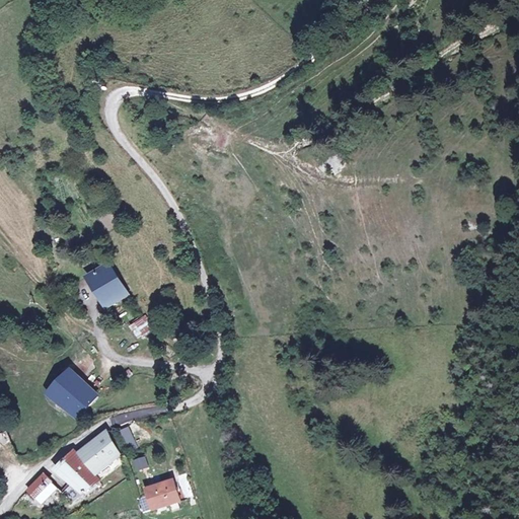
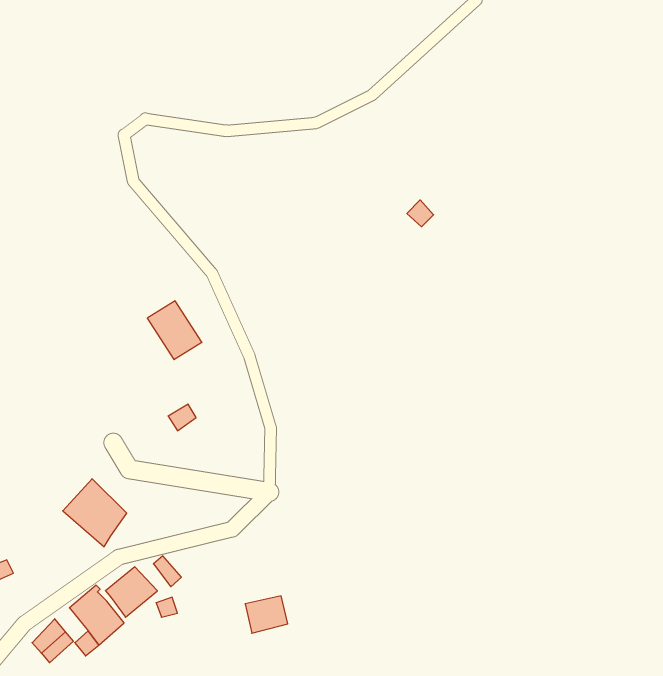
building: [85,257,127,302] -> [147,301,202,360]
building: [144,478,176,507] -> [245,596,288,633]

